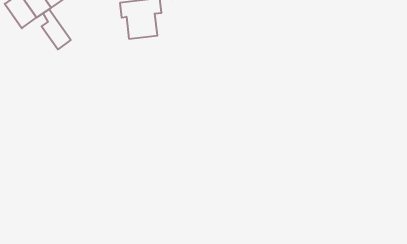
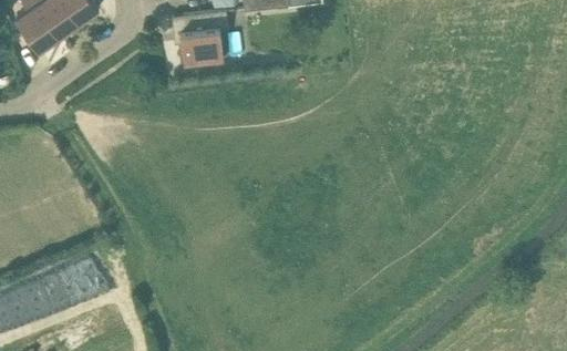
building: [42,9,71,49] -> none

